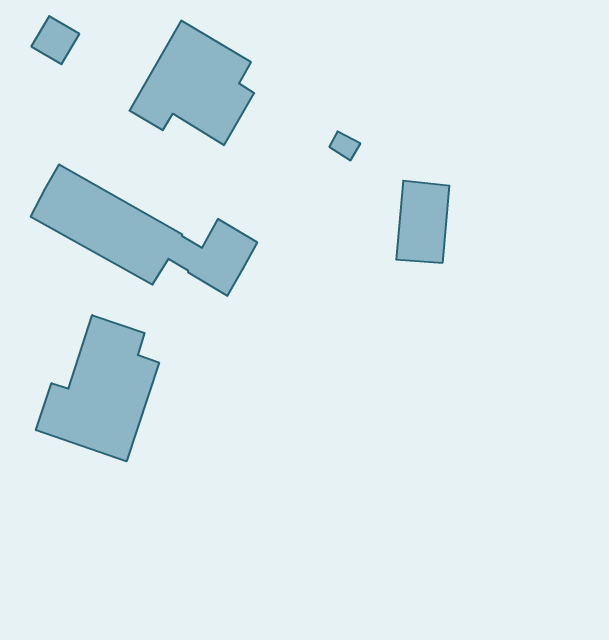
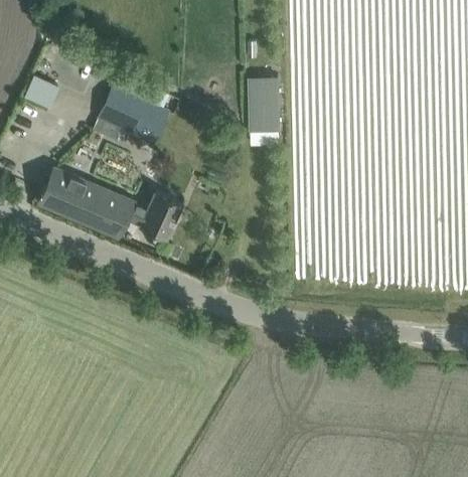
building: [396,181,449,263] -> [251,78,281,128]
building: [36,315,159,461] -> none

